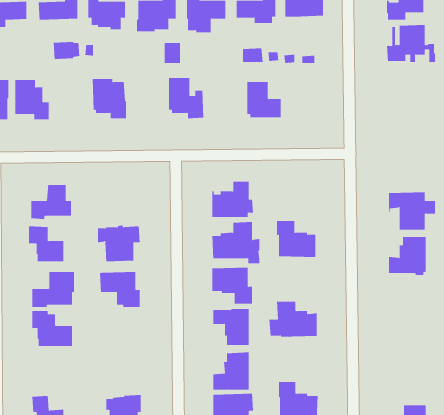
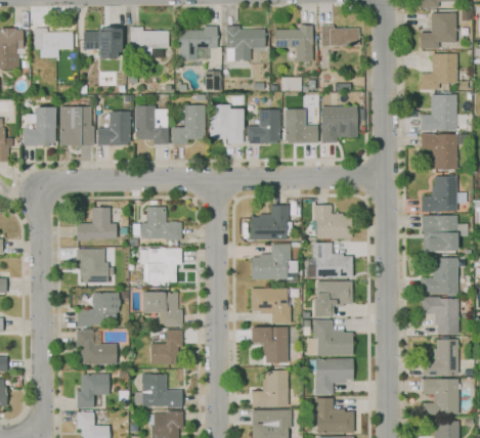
building: none -> [421,94,467,130]
building: none -> [172,105,206,144]
building: none -> [321,105,357,143]
building: none -> [247,110,279,143]
building: none -> [97,112,131,145]
building: none -> [421,134,468,169]
building: none -> [422,176,456,212]
building: none -> [141,201,181,240]
building: none -> [311,205,351,238]
building: none -> [313,280,352,316]
building: none -> [422,297,459,335]
building: none -> [149,330,183,364]
building: none -> [422,339,459,375]
building: none -> [310,358,352,394]
building: none -> [77,370,110,408]
building: none -> [133,373,182,409]
building: none -> [422,379,459,415]

